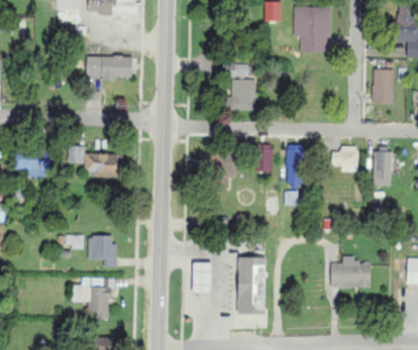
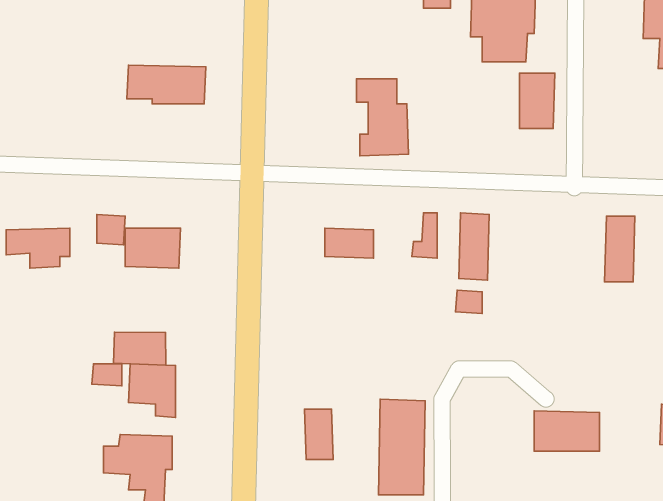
building: [373,70,394,103] -> [520,73,555,128]
building: [331,146,358,171] -> none
building: none -> [113,332,166,365]

